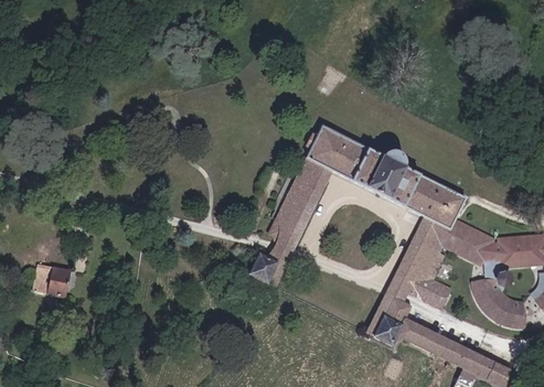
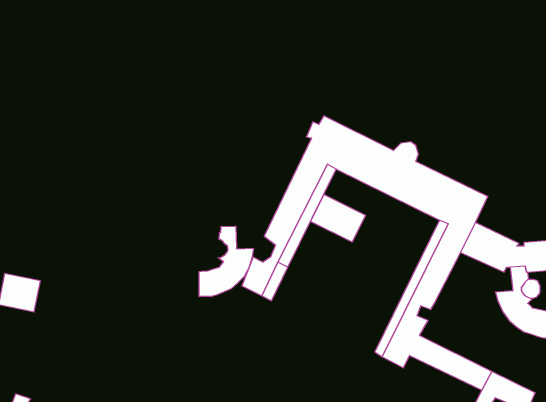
building: none -> [310,195,366,242]
building: none -> [199,226,253,297]
building: [420,252,454,308] -> none

